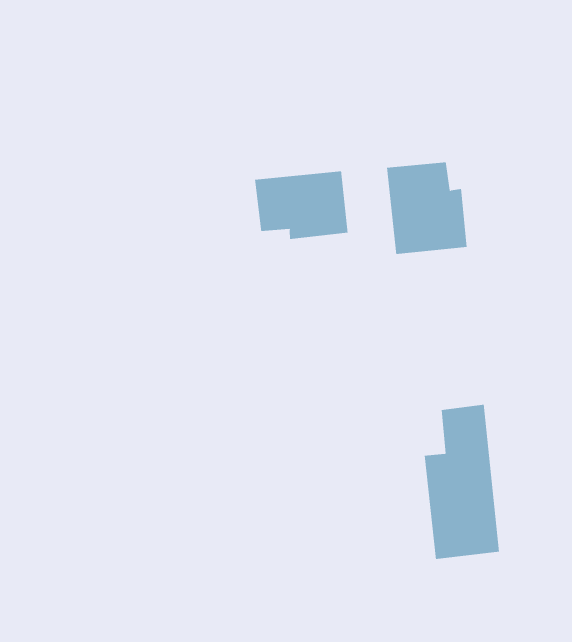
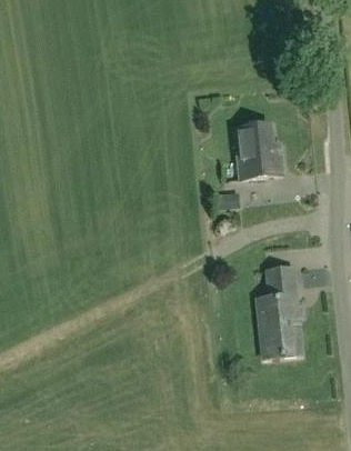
building: [255,170,348,240] -> none

